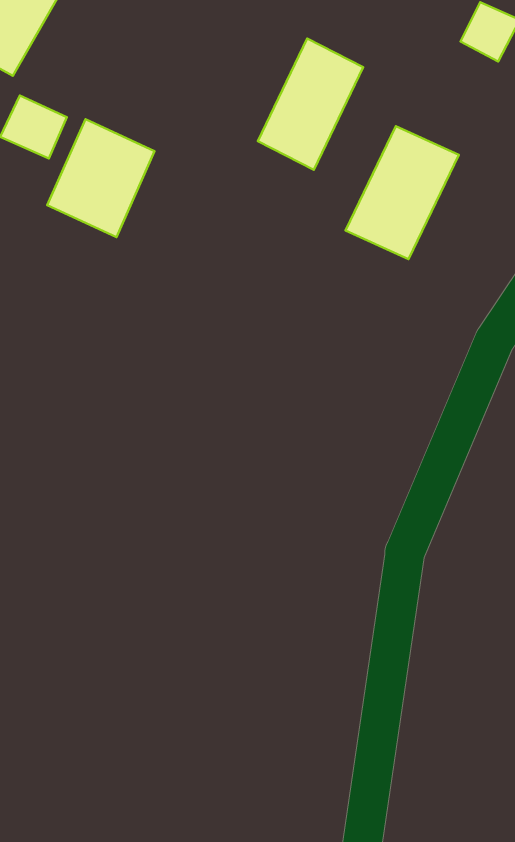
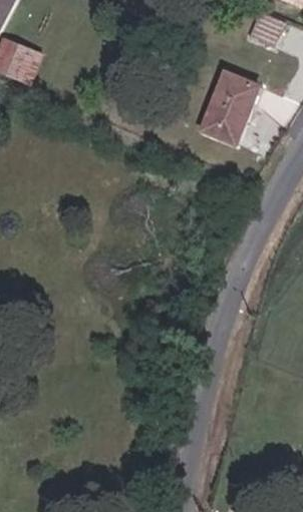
building: [258,39,363,170] -> none
building: [47,119,155,237] -> none

